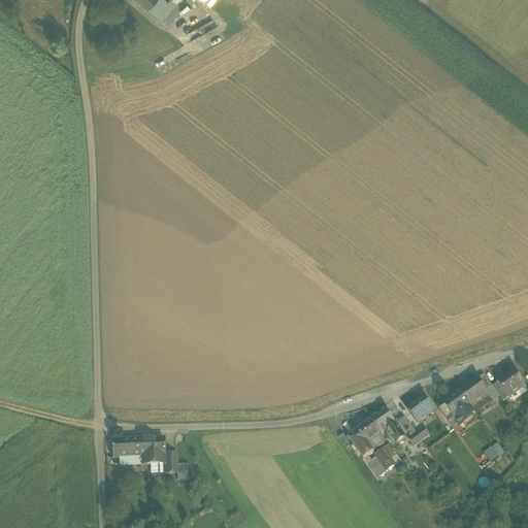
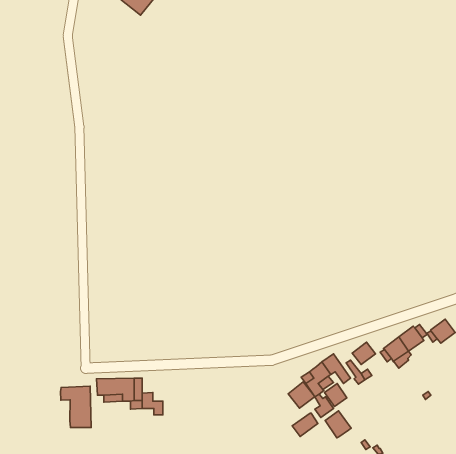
building: none -> [288,382,314,408]
building: none -> [60,386,91,427]
building: none -> [325,411,351,438]
building: none -> [292,413,318,436]

